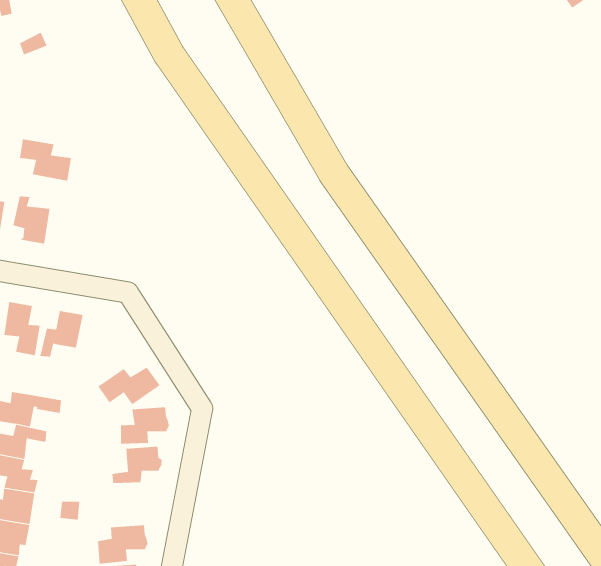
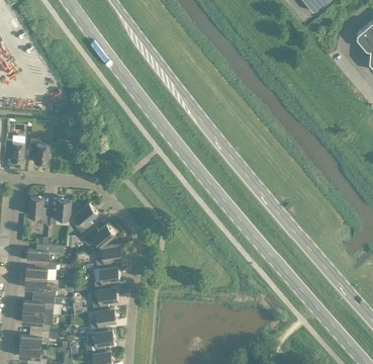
building: [20,138,71,181] -> none
building: none -> [75,204,98,236]
building: none -> [91,288,118,310]

